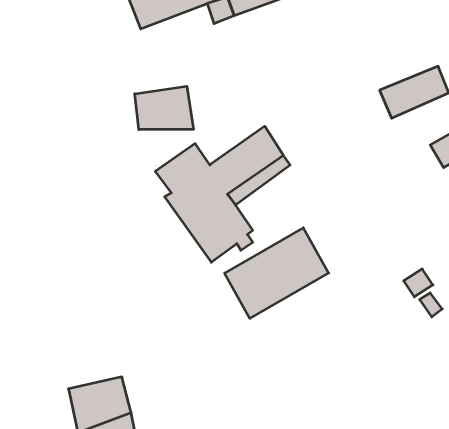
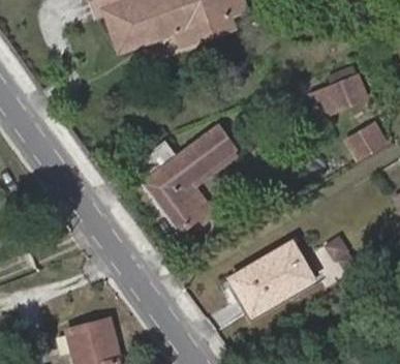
building: [135,86,193,130] -> none
building: [225,228,329,318] -> [233,241,313,311]

